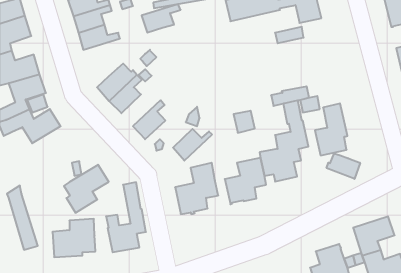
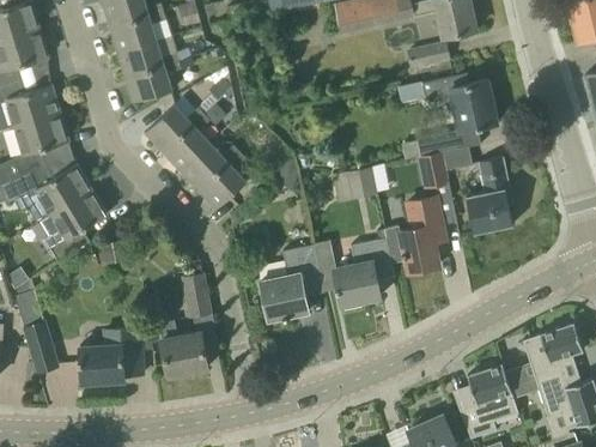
building: [142,4,181,33] -> [124,61,182,103]
building: none -> [422,74,495,132]
building: [173,129,212,161] -> [181,144,238,191]
building: [327,153,360,179] -> none
building: [64,165,109,213] -> [41,191,107,261]

